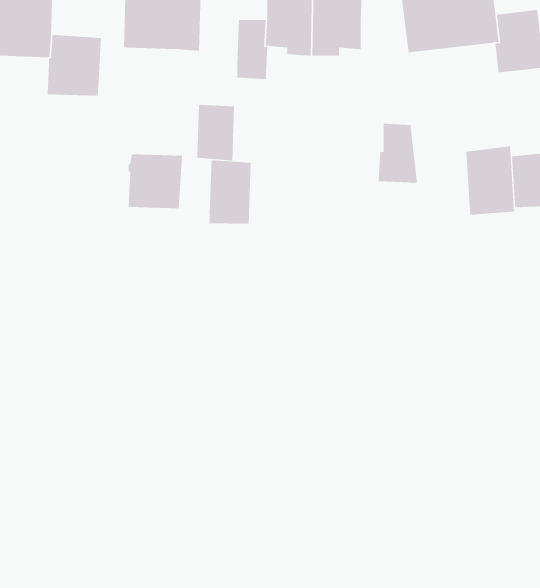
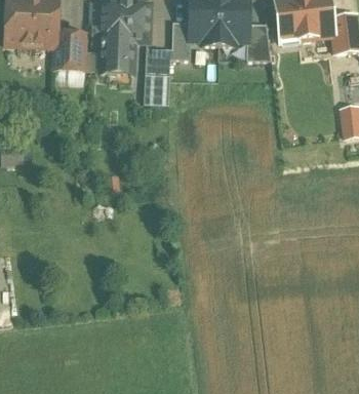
building: none -> [145,45,170,74]
building: [378,123,418,183] -> [244,22,269,58]
building: [466,146,515,216] -> none
building: [128,154,183,209] -> [99,38,133,72]
building: [209,160,251,224] -> none

